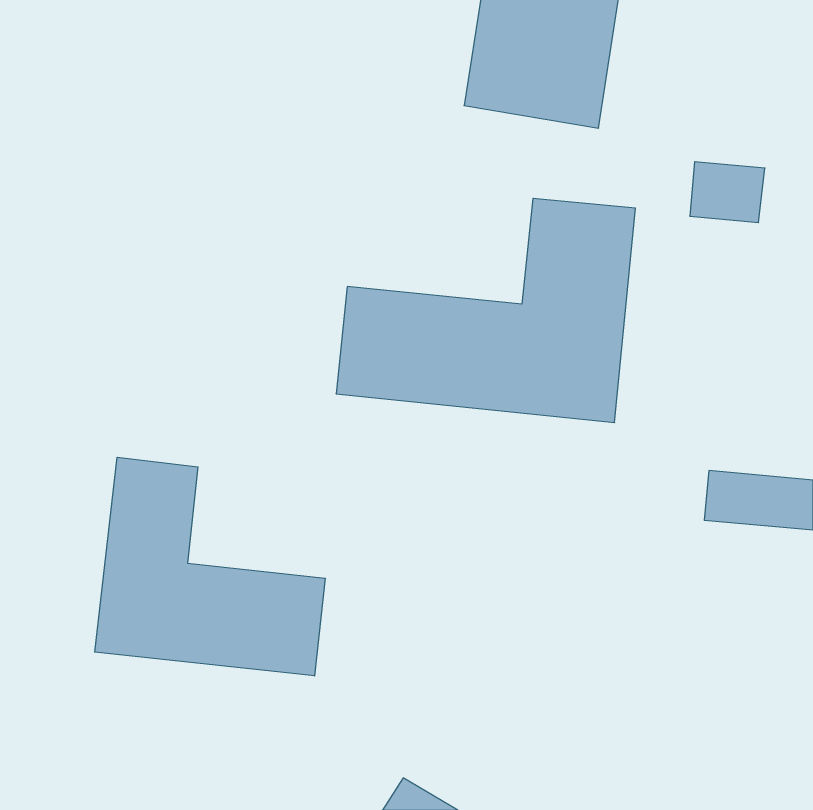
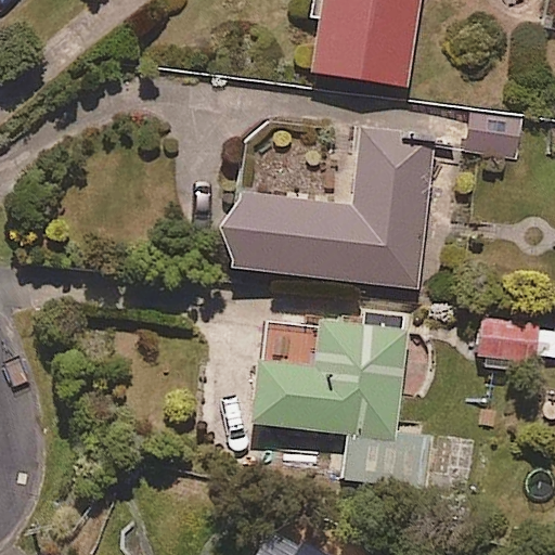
building: [95,457,325,676] -> none
building: none -> [251,322,426,483]

